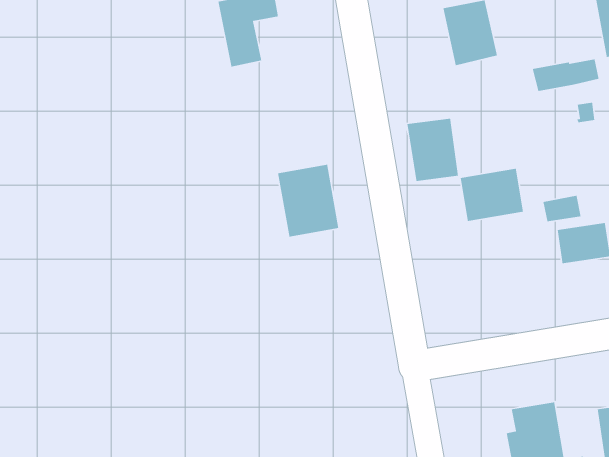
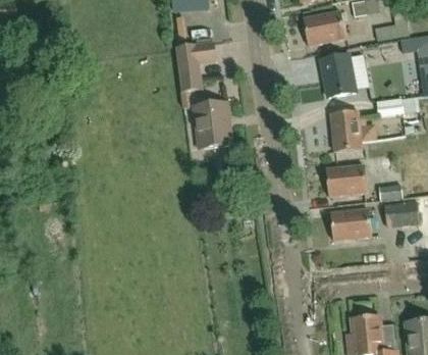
building: [406,118,459,182] -> [329,110,361,150]
building: [277,164,339,237] -> [195,101,232,147]
building: none -> [329,207,370,240]

